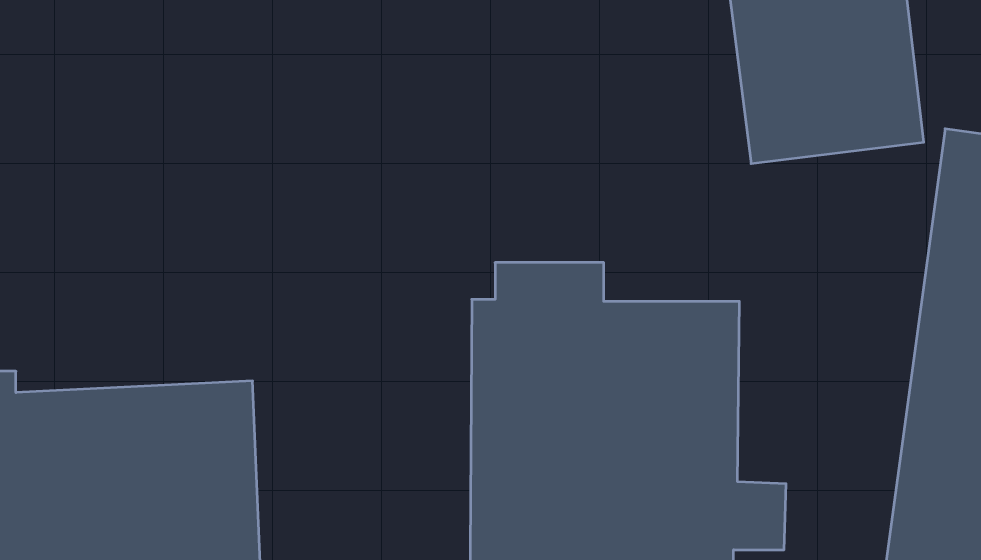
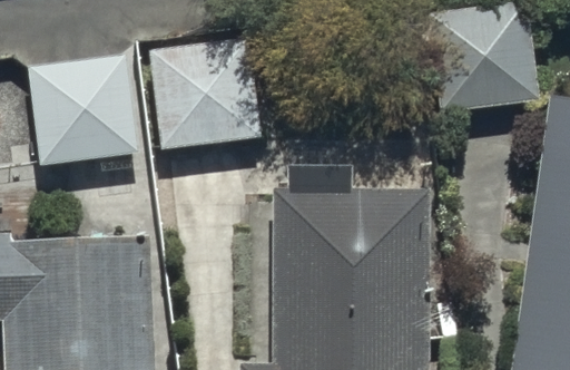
building: none -> [149,27,261,149]
building: none -> [30,41,151,164]

